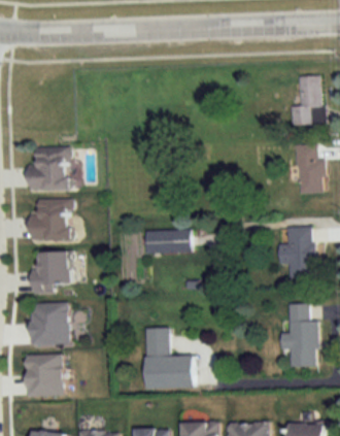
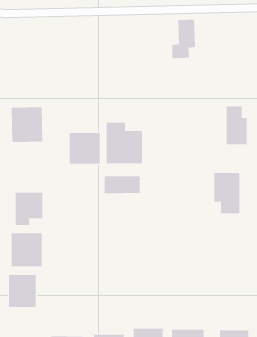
building: [291,75,320,125] -> [172,19,196,59]
building: none -> [106,122,142,164]
building: [30,201,69,240] -> [69,133,100,164]
building: [280,304,316,366] -> none
building: [144,327,193,388] -> none

